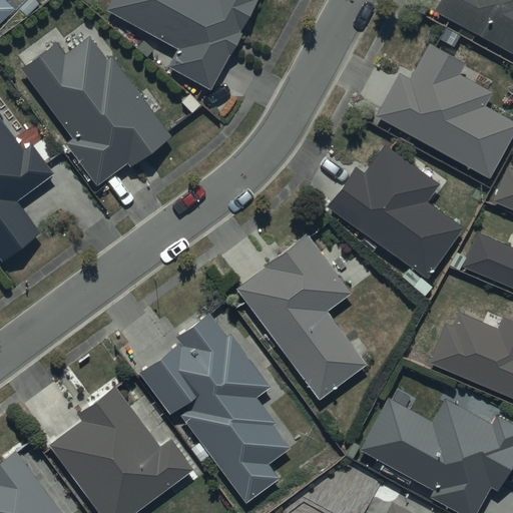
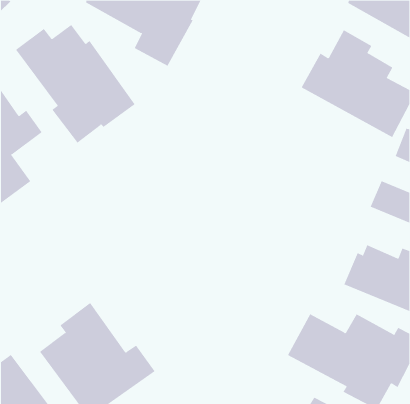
building: [326,145,462,280] -> none
building: [236,233,368,401] -> none
building: [140,314,289,504] -> none

